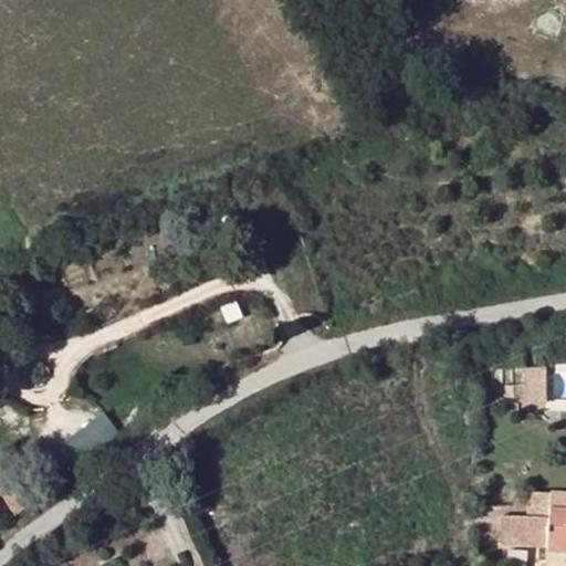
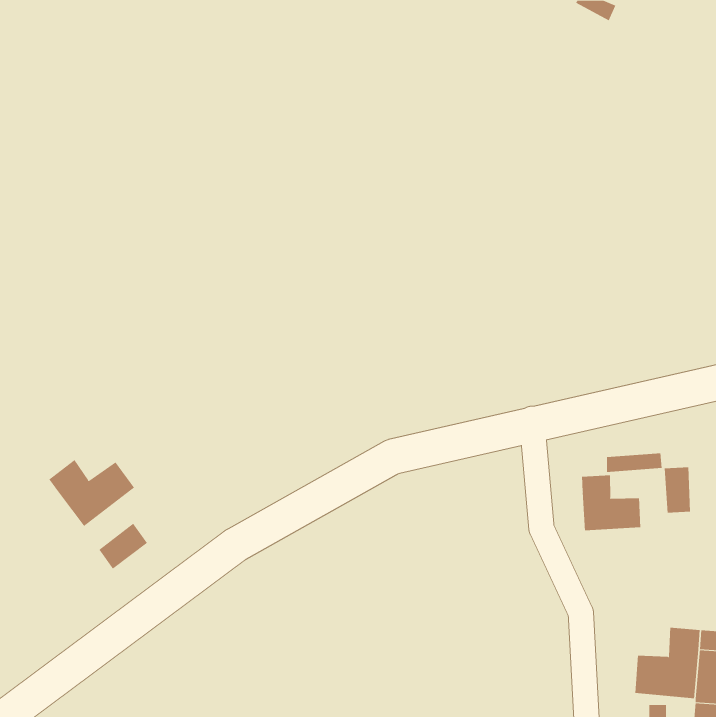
building: none -> [48,459,135,527]
building: none -> [582,474,641,531]

